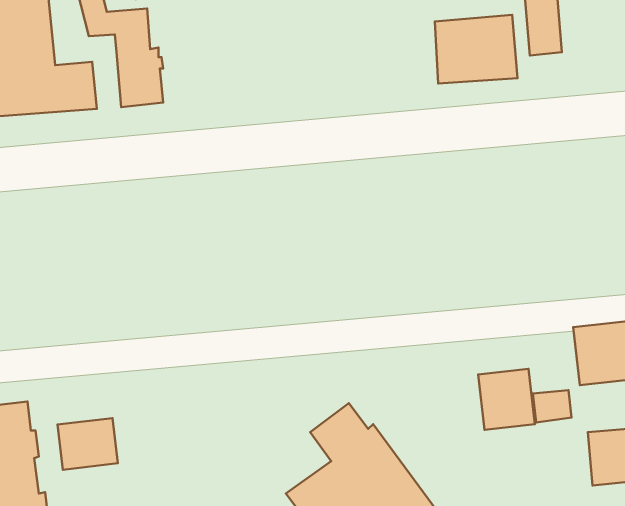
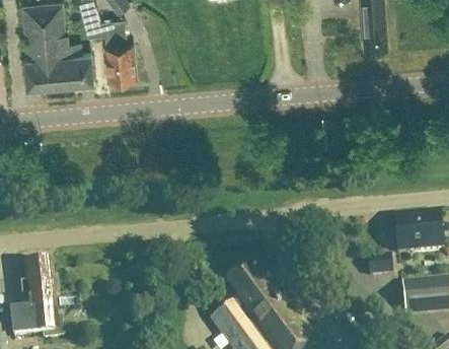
building: [435,15,517,83] -> none
building: [478,369,535,430] -> none
building: [58,418,118,470] -> none

